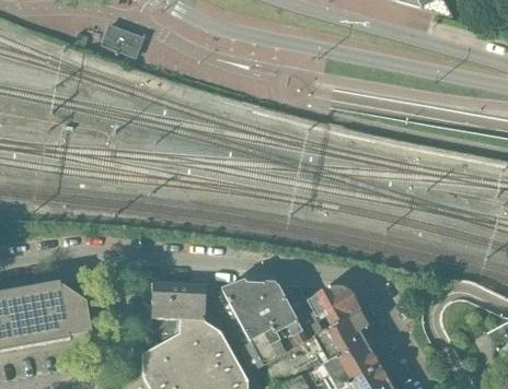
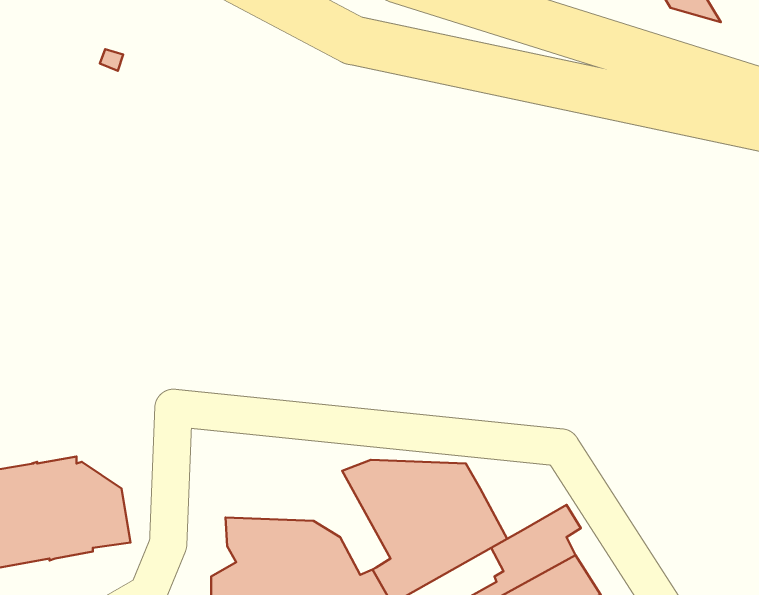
building: [102,25,143,57] -> none
building: [151,283,207,320] -> none
building: [307,286,359,331] -> none

